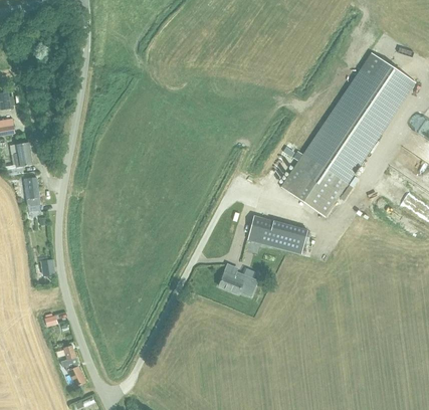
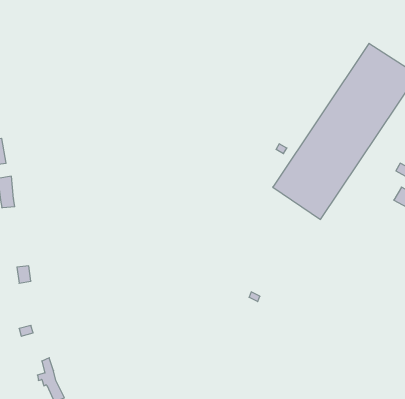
building: [248,215,307,252] -> none
building: [218,270,257,295] -> none

